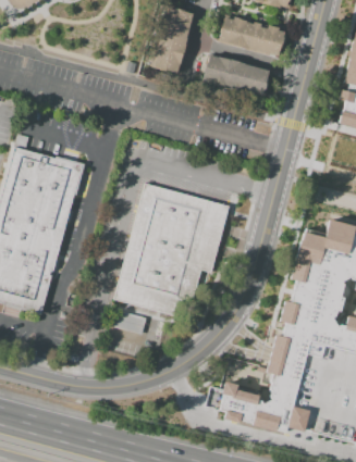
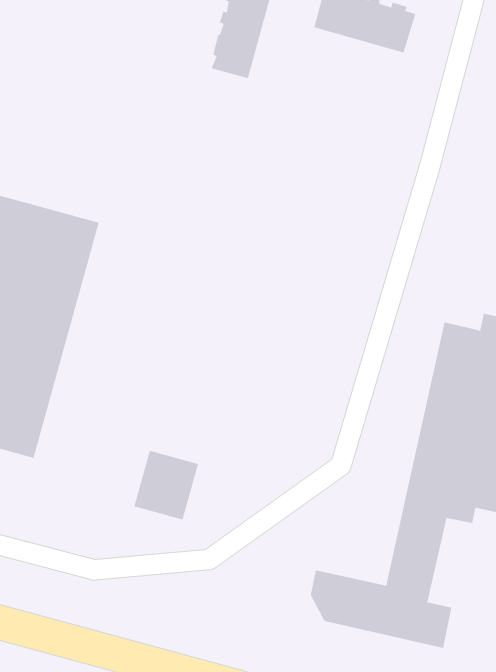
building: [202,53,270,96] -> none
building: [115,183,230,317] -> none

